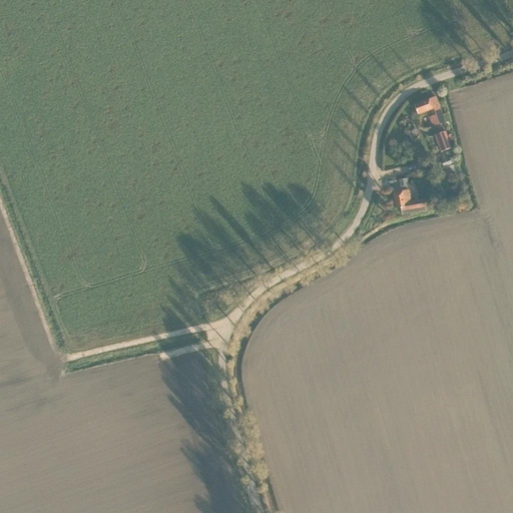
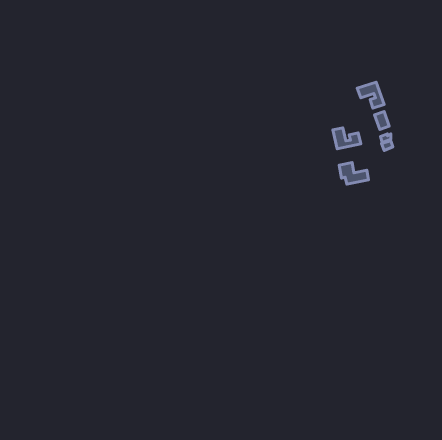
building: none -> [333,128,361,149]

